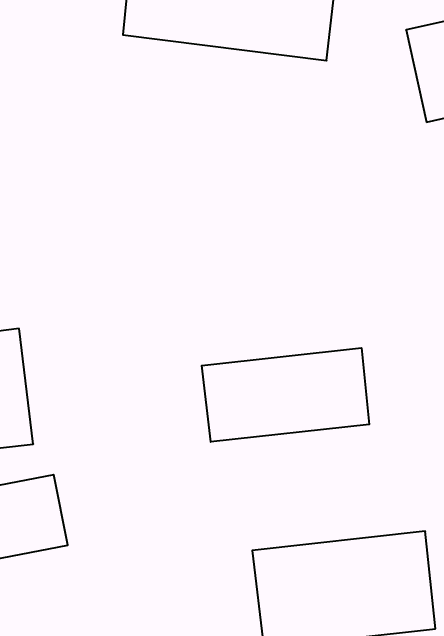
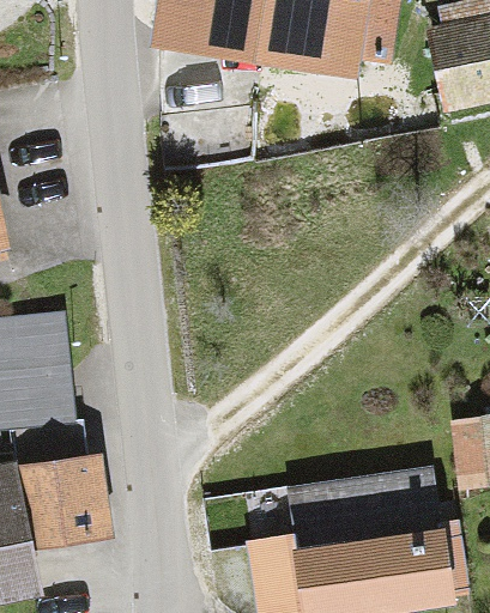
building: [202,348,369,442] -> none

